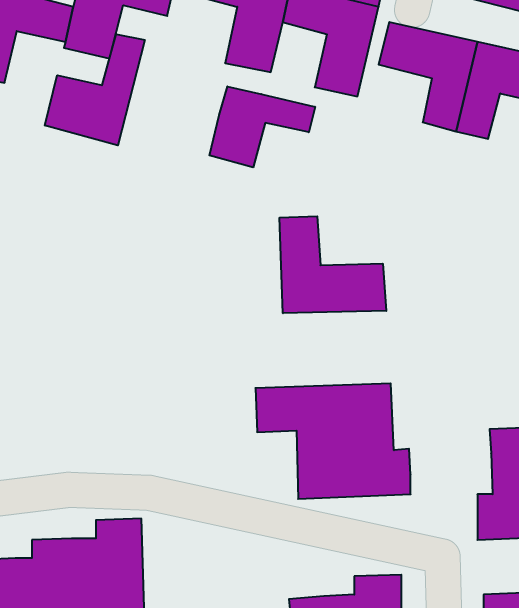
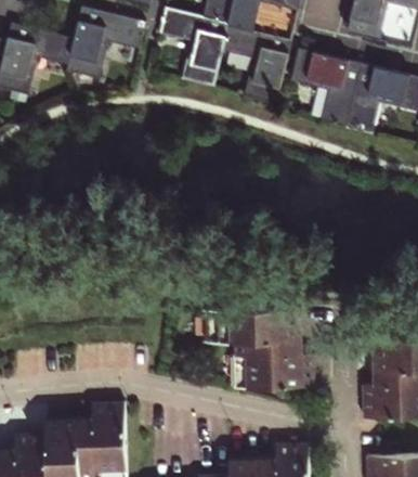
building: [45,34,145,145] -> none
building: [209,86,315,167] -> none
building: [280,216,386,313] -> none

